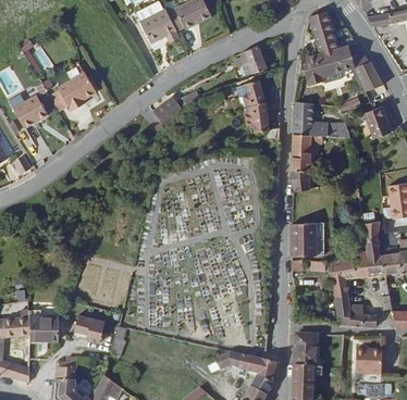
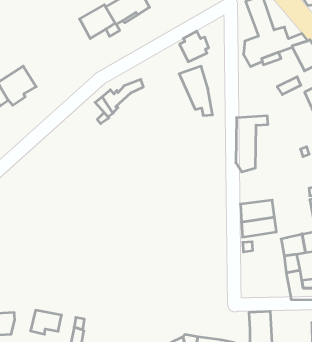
building: [294,101,350,136] -> none

